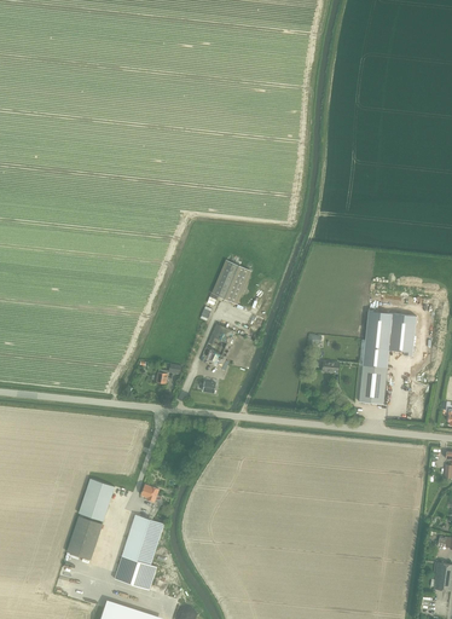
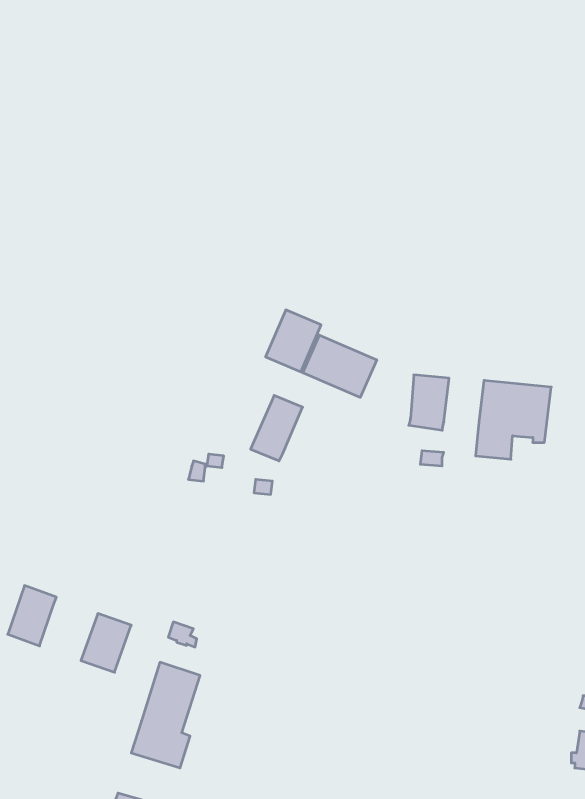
building: none -> [303,335,377,397]
building: [358,364,387,404] -> [409,375,449,430]
building: [66,515,102,559] -> [8,586,56,646]

